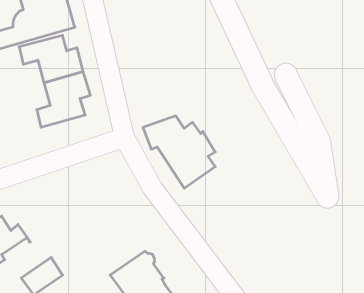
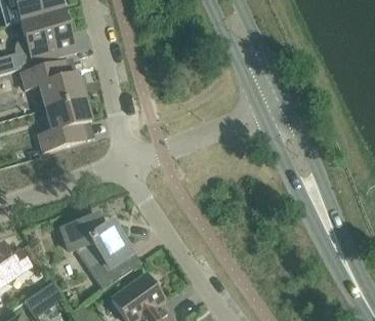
building: [143,116,215,188] -> [61,217,133,289]

